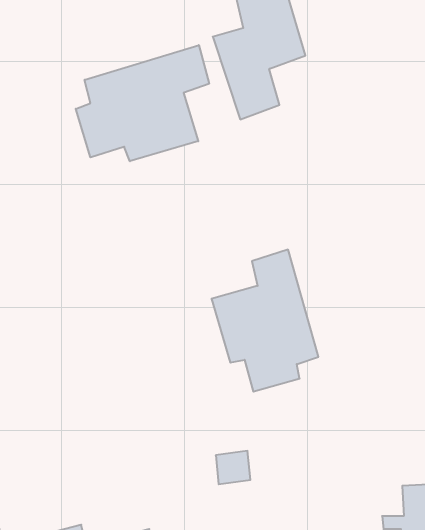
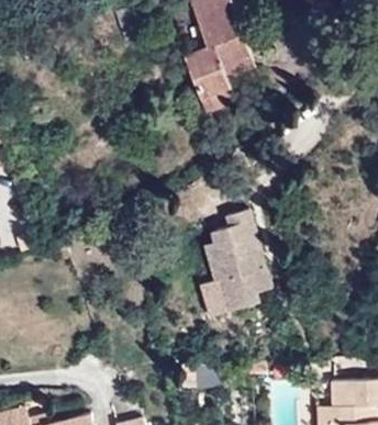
building: [76,45,209,161] -> none

